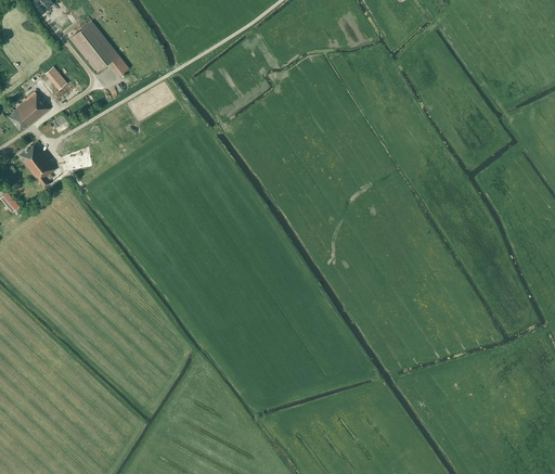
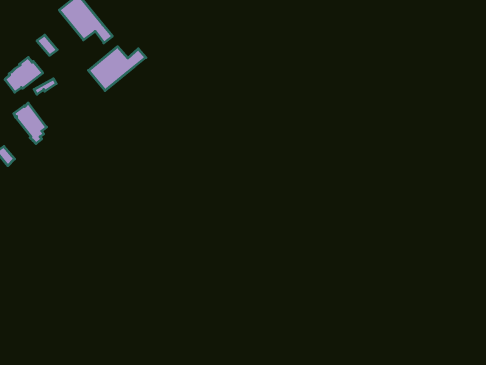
building: none -> [88,47,146,91]

